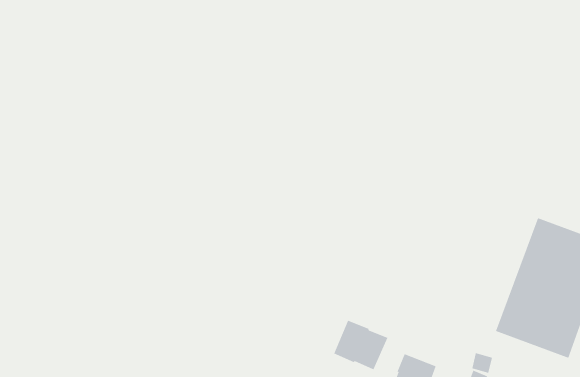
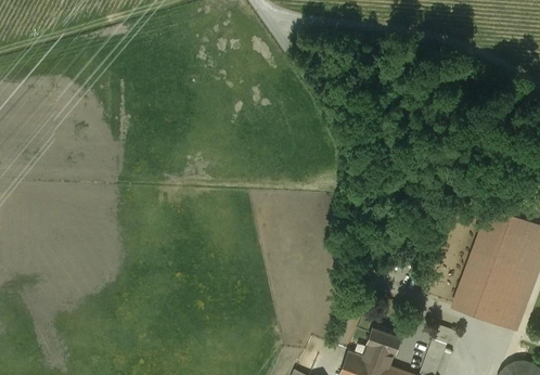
building: [334,320,388,371] -> none

